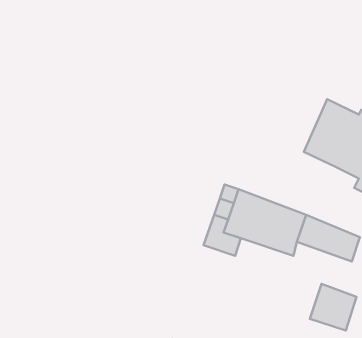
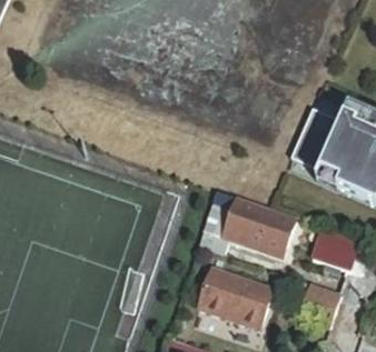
building: none -> [209,270,269,326]

